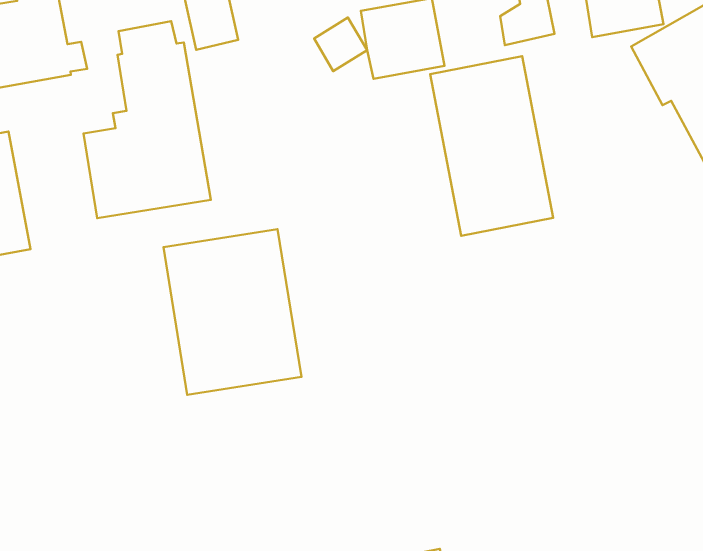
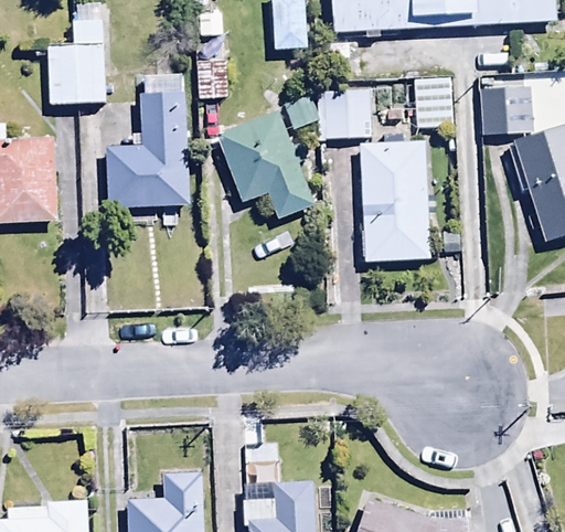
building: none -> [217,116,316,223]
building: [164,229,301,395] -> none

